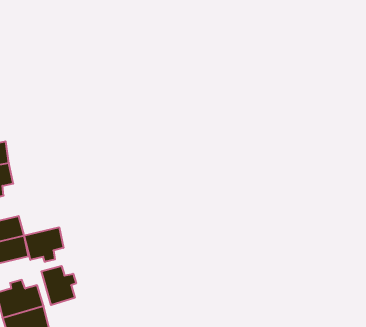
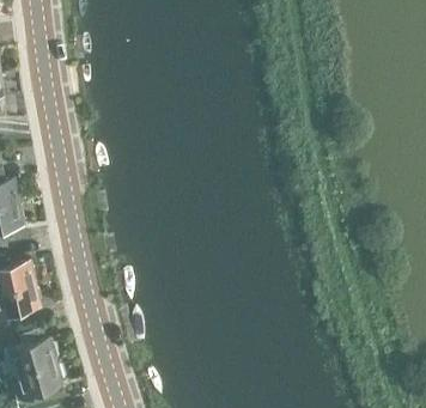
building: [24,227,63,262] -> none
building: [41,266,76,305] -> none

